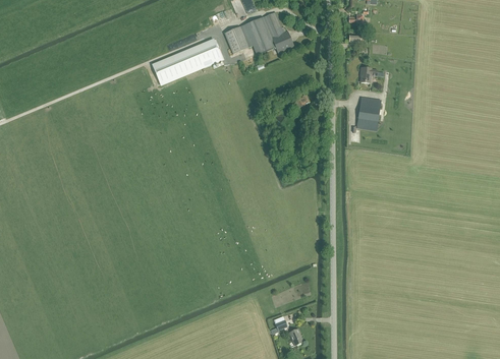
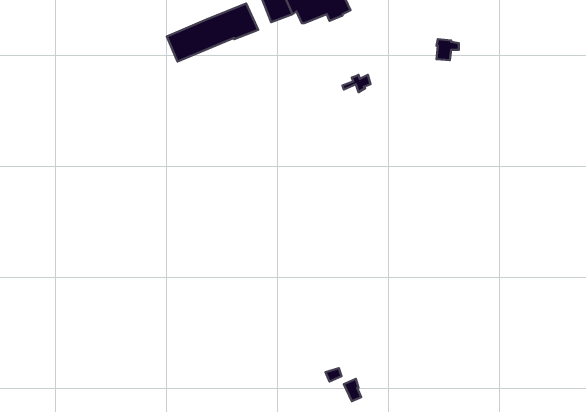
building: [356,105,380,130] -> none

